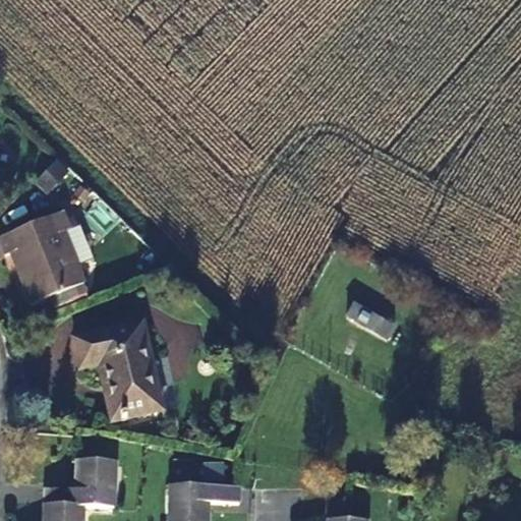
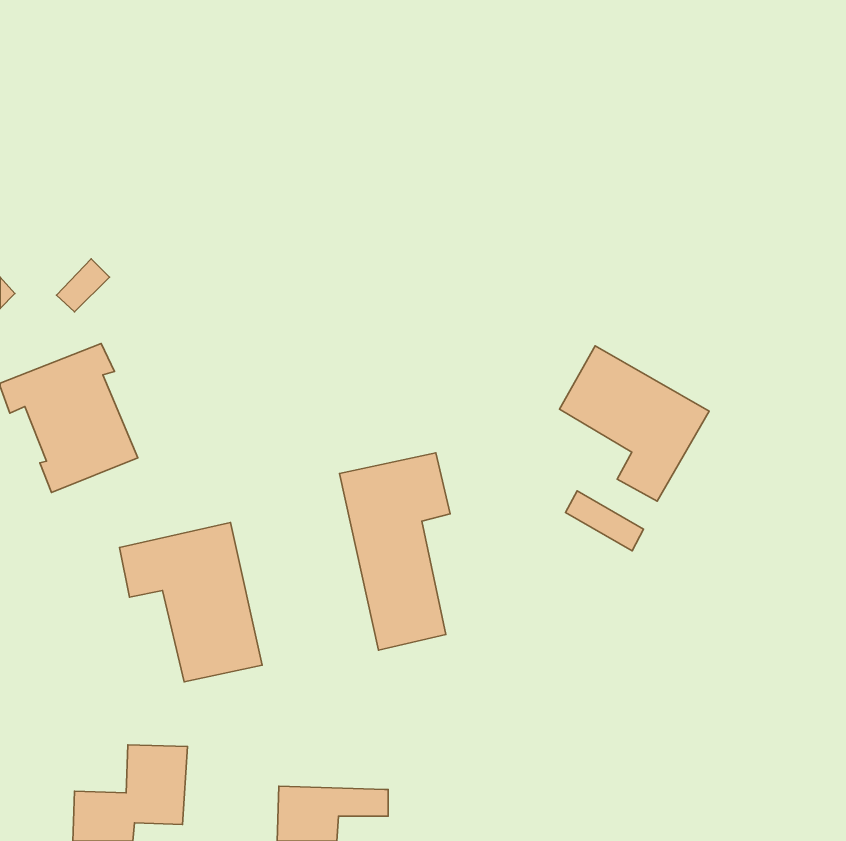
building: none -> [560,346,709,501]
building: none -> [340,453,450,650]

